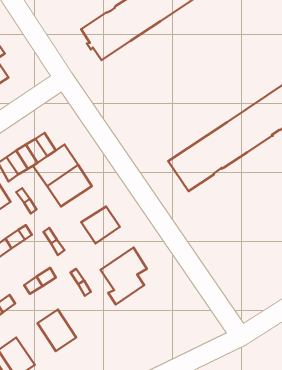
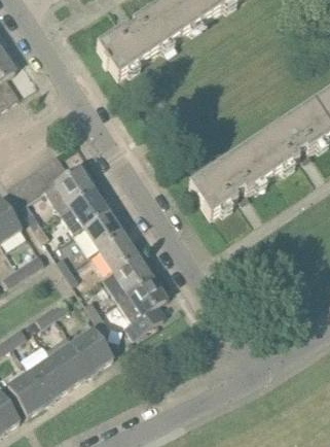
building: none -> [73,210,123,254]
building: none -> [103,253,152,299]
building: none -> [72,326,114,371]
building: none -> [28,355,70,400]

